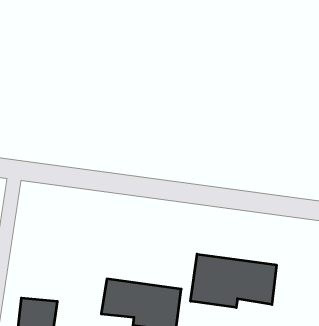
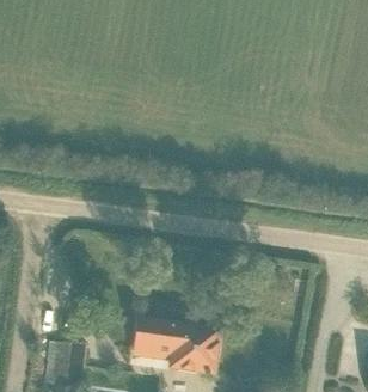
building: [191,254,276,308] -> none

